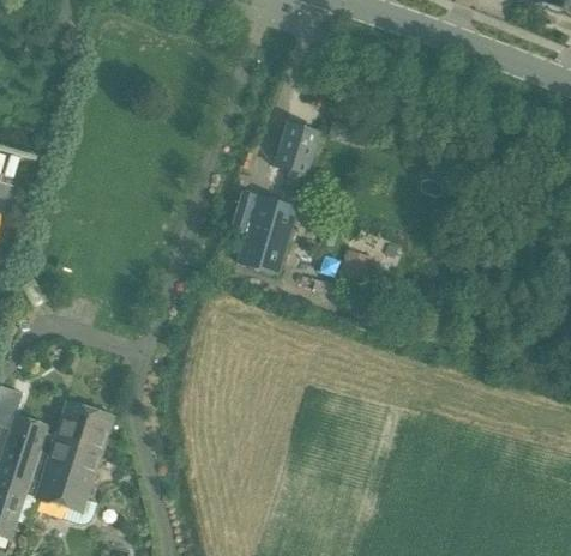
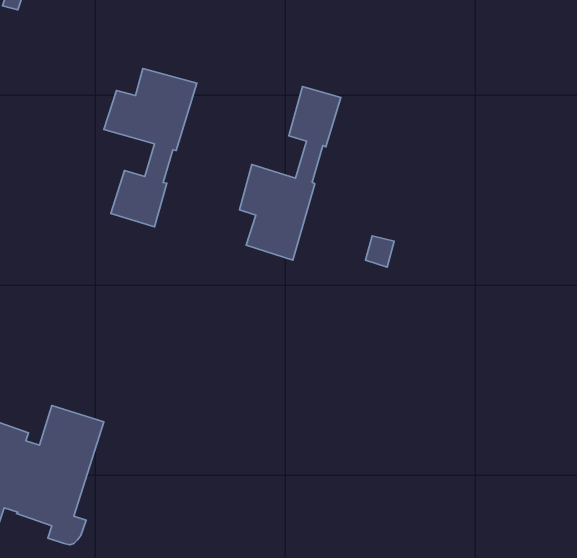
building: none -> [104,69,197,227]

